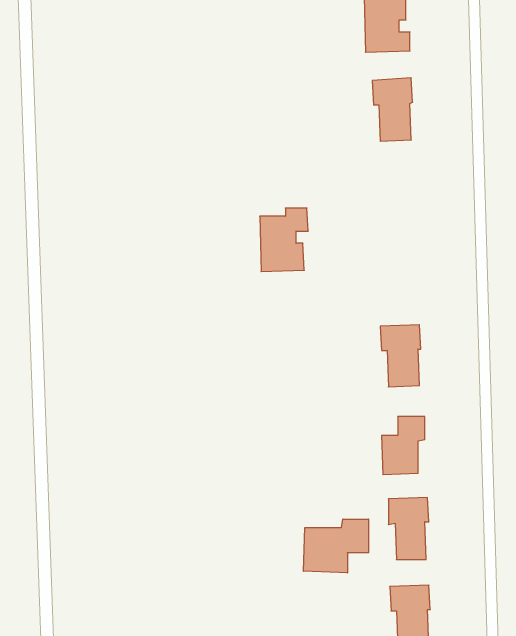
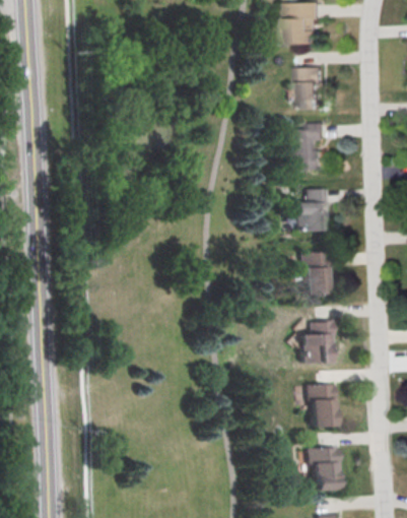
building: [260,208,308,272] -> [285,124,322,172]
building: none -> [292,189,325,233]
building: [303,519,369,573] -> none

